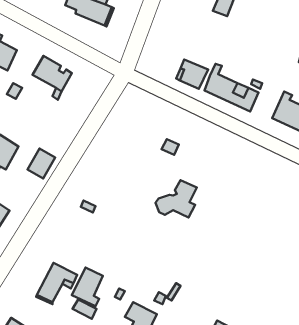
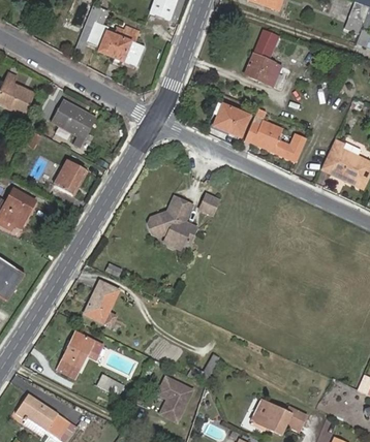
building: none -> [245,55,280,85]
building: [28,148,55,179] -> [54,160,85,194]
building: [156,180,197,218] -> [150,199,196,242]
building: [72,268,103,306] -> [83,282,118,325]

